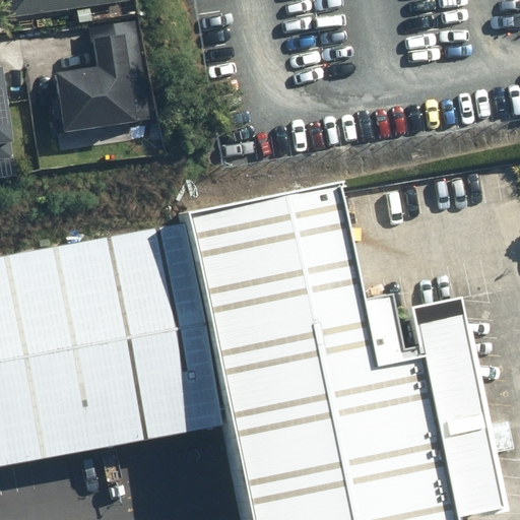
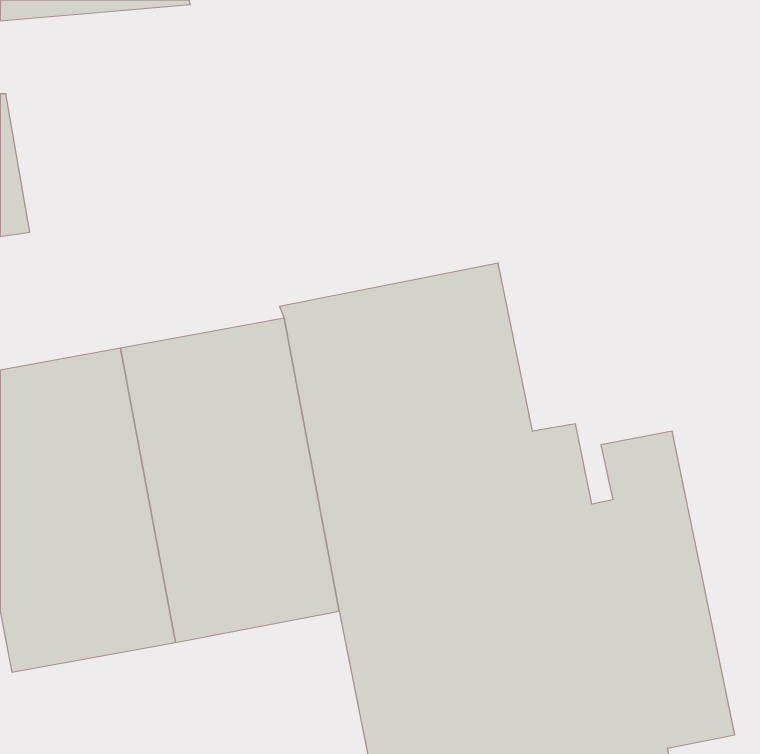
building: [51,21,143,140] -> none

